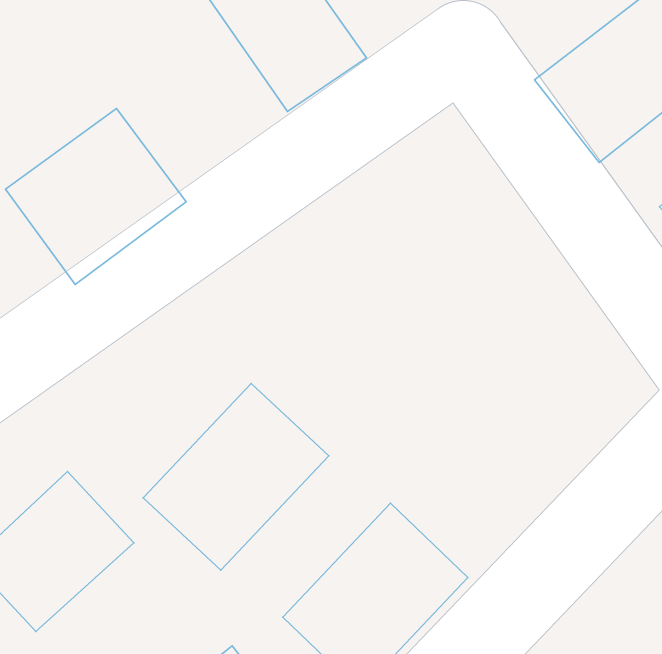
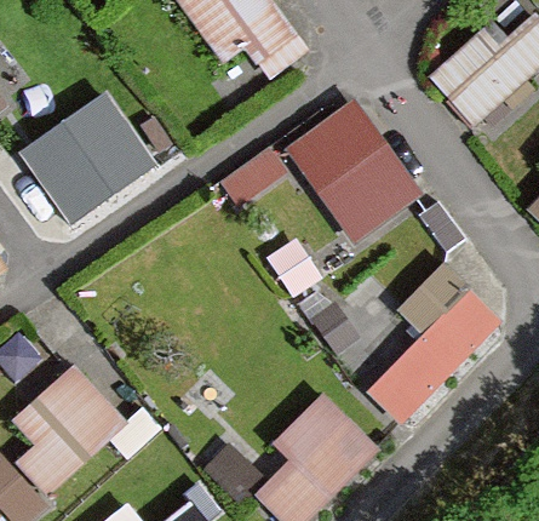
building: none -> [283,103,413,241]
building: none -> [362,286,501,425]
building: [143,383,329,570] -> none

